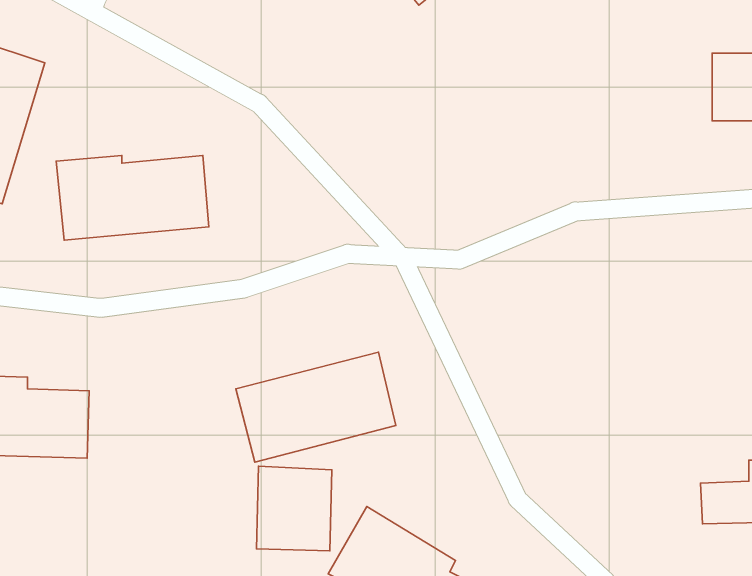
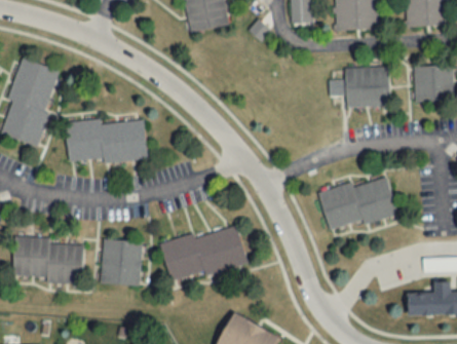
building: none -> [345,66,390,106]
building: none -> [319,176,397,232]
building: [257,466,332,551] -> [102,239,142,284]

